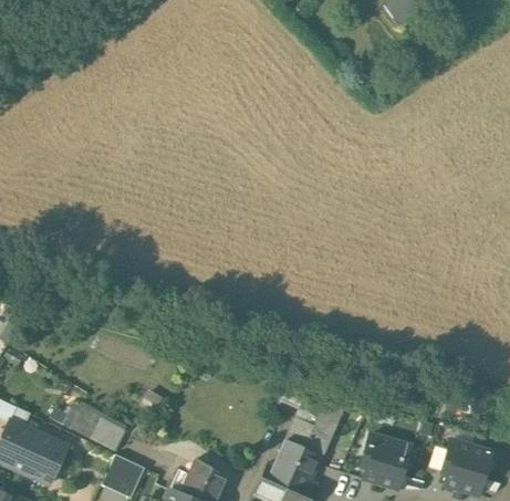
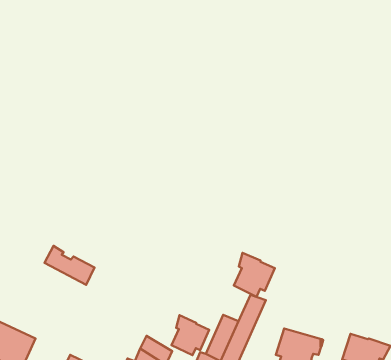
building: none -> [234,253,275,297]
building: [64,403,125,450] -> [44,246,94,285]
building: none -> [172,315,209,355]

